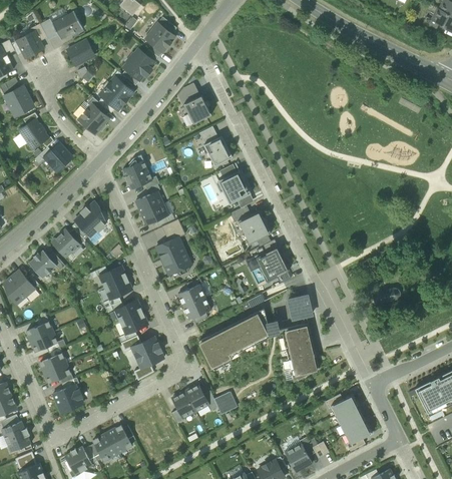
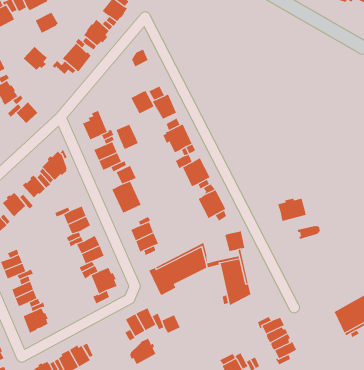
building: [182,95,210,123] -> [130,90,155,114]
building: [78,104,107,133] -> [23,46,48,71]
building: none -> [116,124,139,150]
building: none -> [278,198,306,222]
building: none -> [129,338,156,365]

